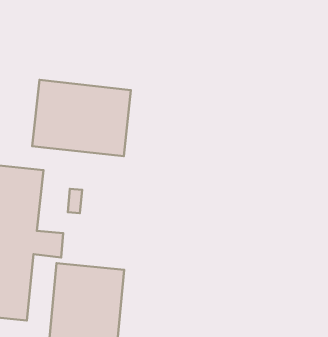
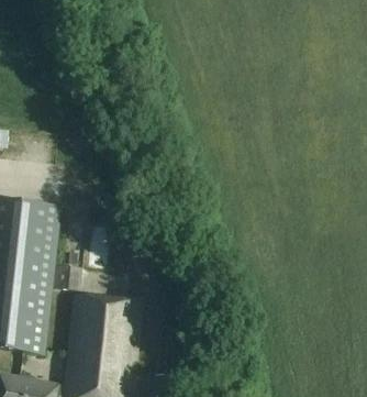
building: [32,80,131,156] -> none

